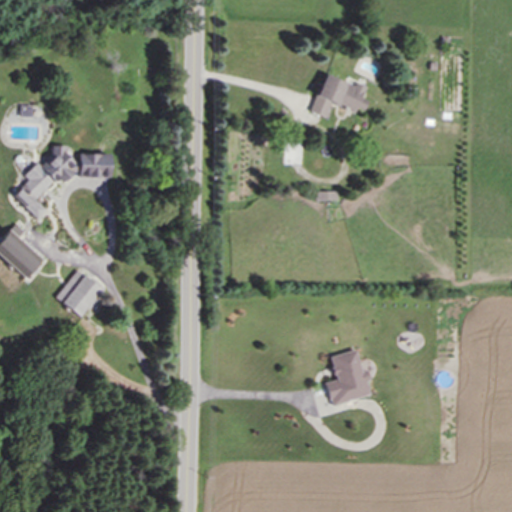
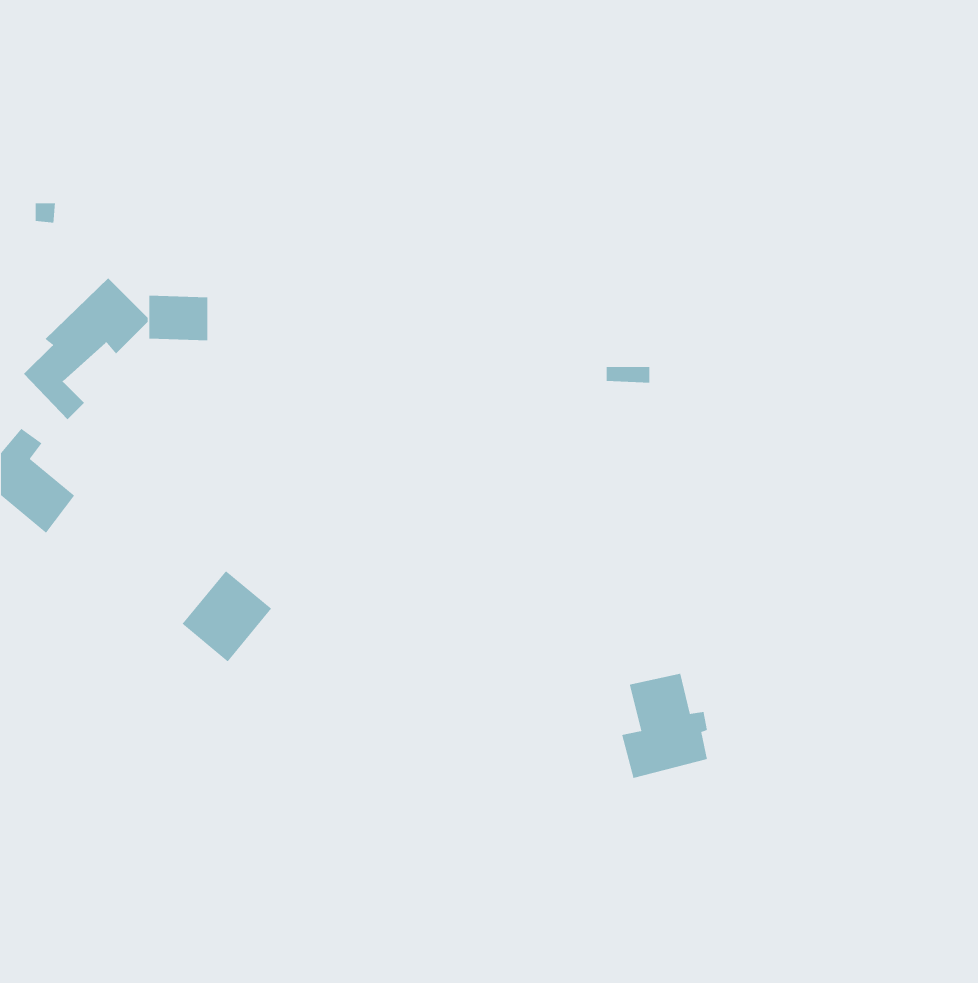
building: [312,74,370,117] -> none
building: [57,268,104,316] -> [181,570,272,663]

